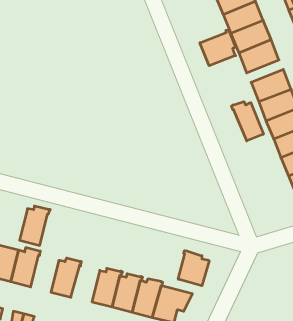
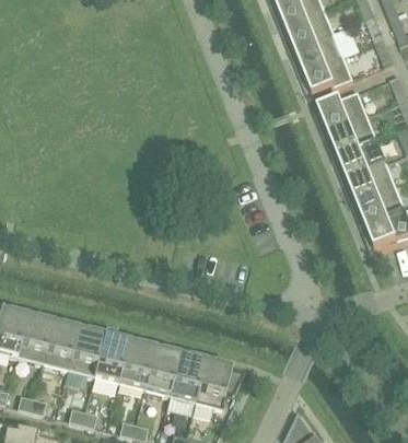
building: [200,29,236,66] -> none
building: [231,102,263,141] -> none
building: [20,206,50,245] -> [42,320,80,370]
building: [178,251,209,286] -> none
building: none -> [92,334,130,382]

